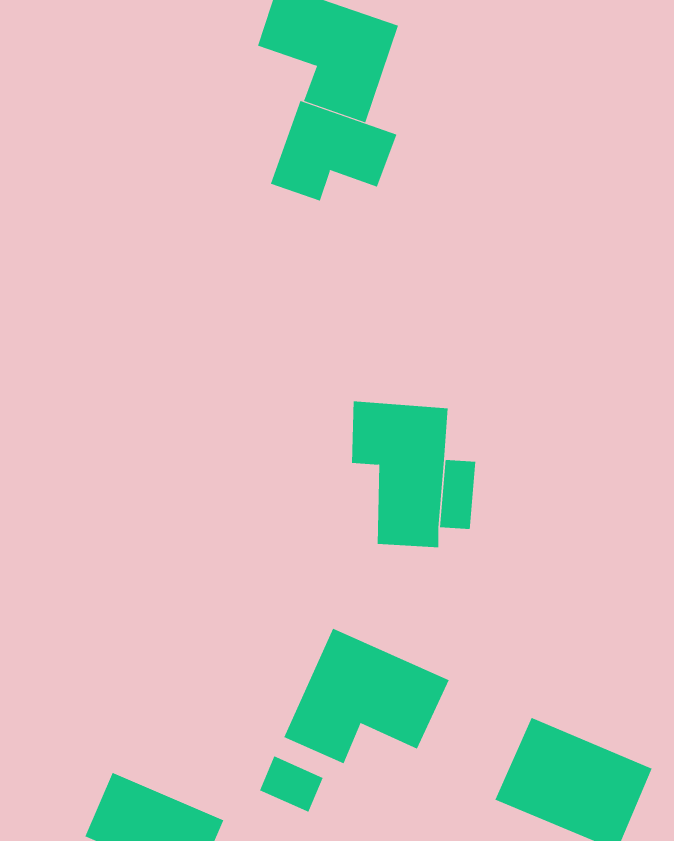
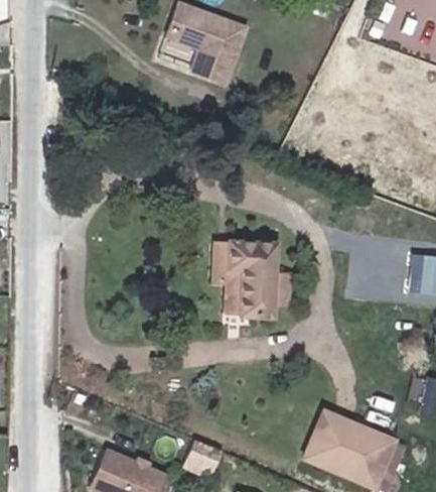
building: [270,100,397,201] -> none
building: [283,628,450,764] -> none

